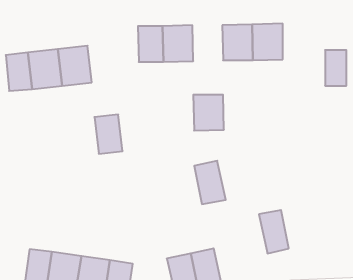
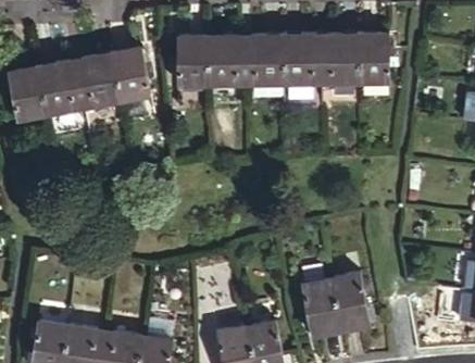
building: [325,50,346,86] -> [361,34,388,79]
building: [193,95,224,131] -> [246,36,285,82]
building: [94,115,123,154] -> [112,59,148,109]
building: [194,161,226,204] -> [301,277,341,333]

